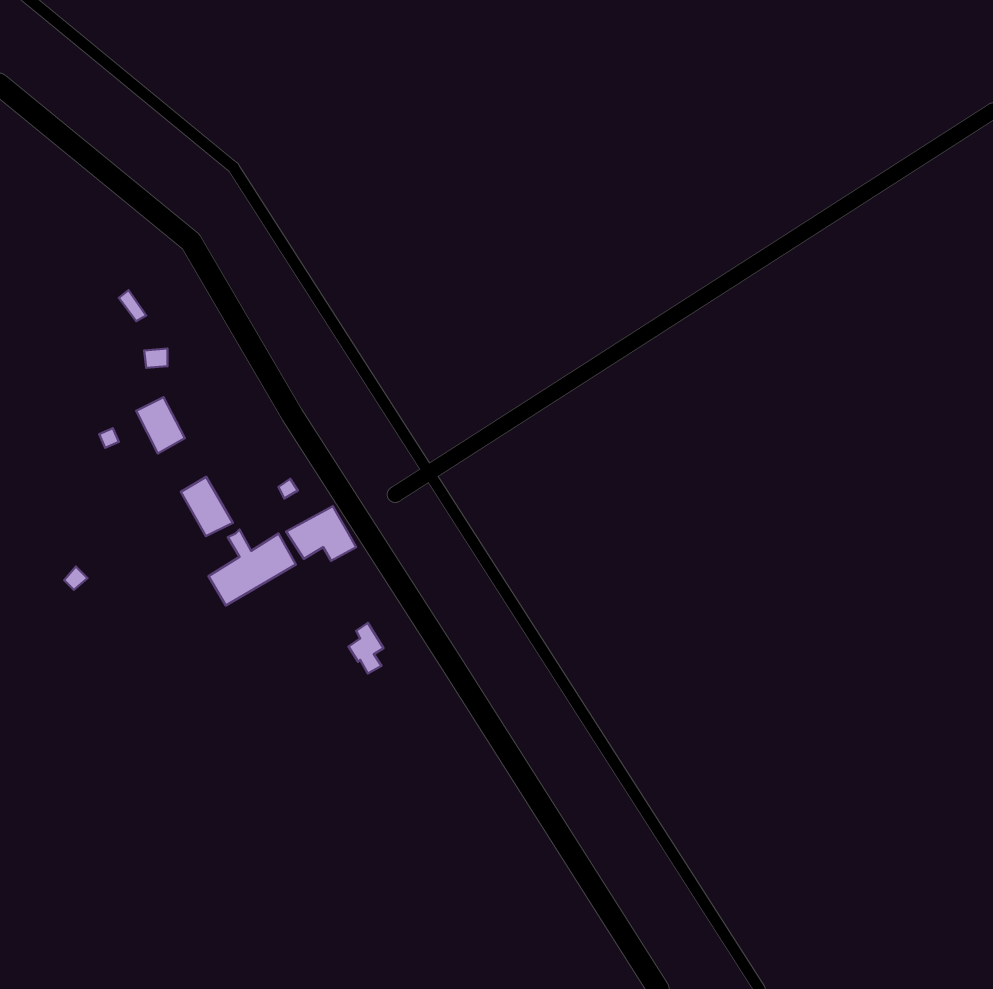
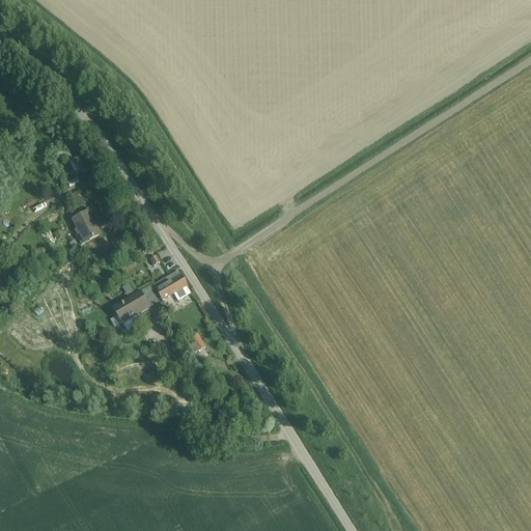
building: [181,477,233,536] -> none

